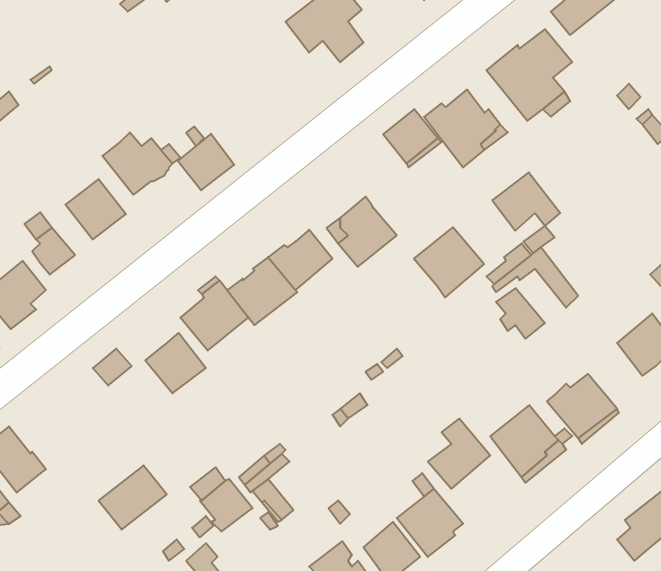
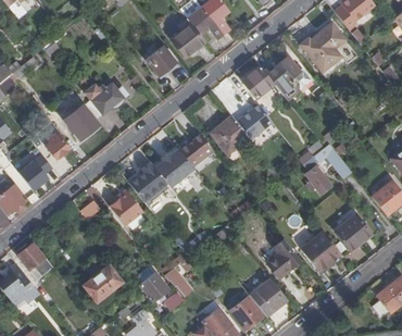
building: none -> [171,17,205,57]
building: [178,134,234,190] -> [145,45,176,76]
building: [492,172,560,231] -> none
building: [414,227,484,297] -> [236,104,275,144]

